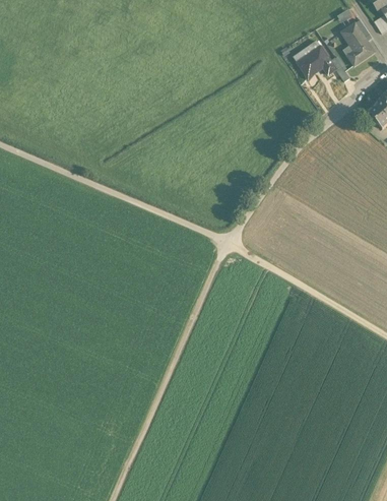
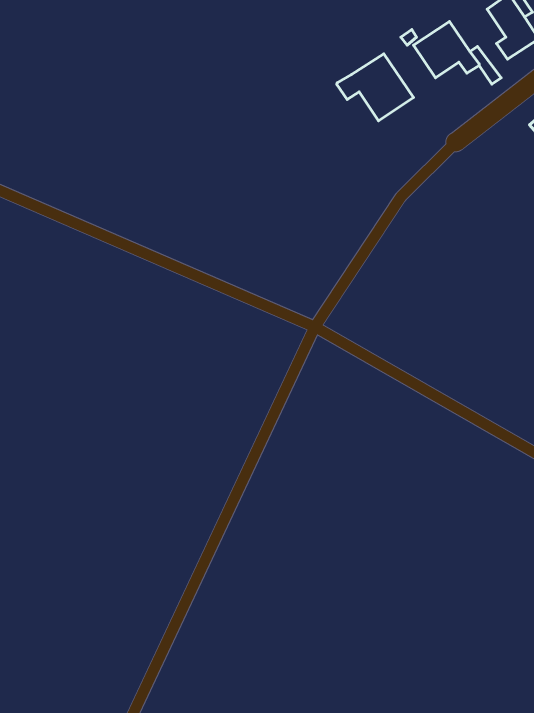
building: none -> [337,54,413,121]

